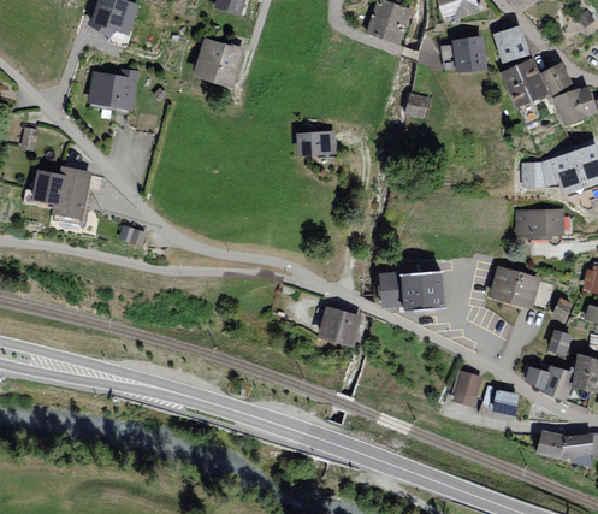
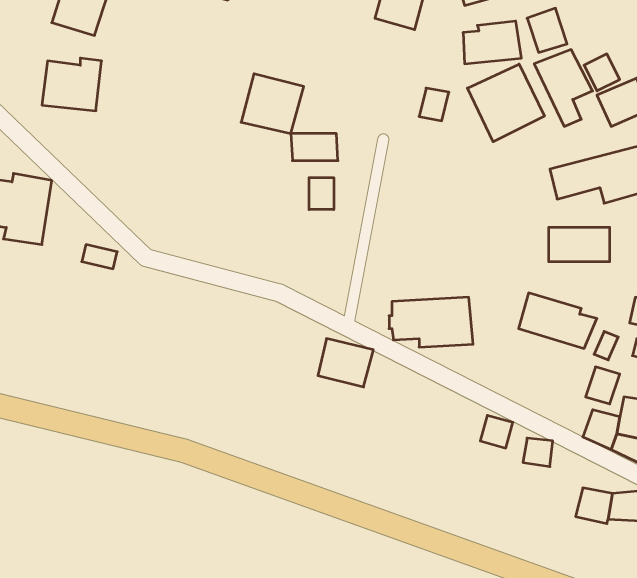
building: [193,36,245,87] -> [241,74,304,134]
building: none -> [467,64,544,142]
building: none -> [309,178,334,210]

